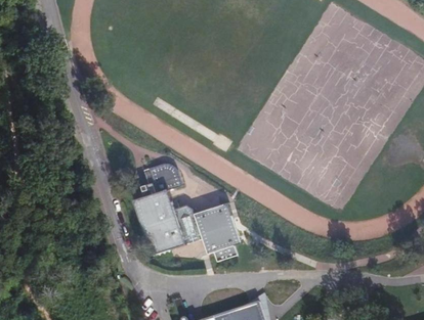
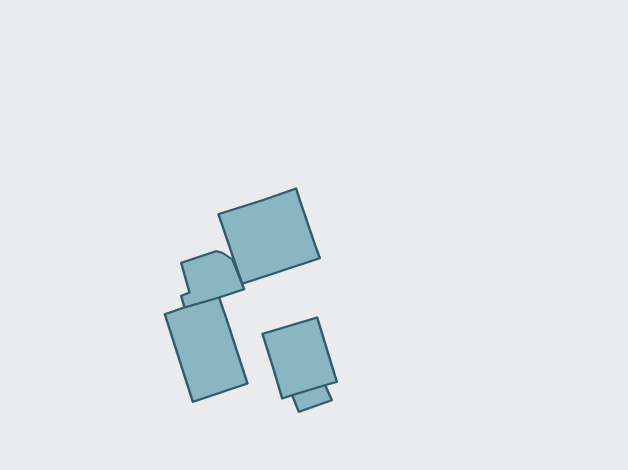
building: none -> [219,188,320,284]
building: [174,205,202,241] -> none

